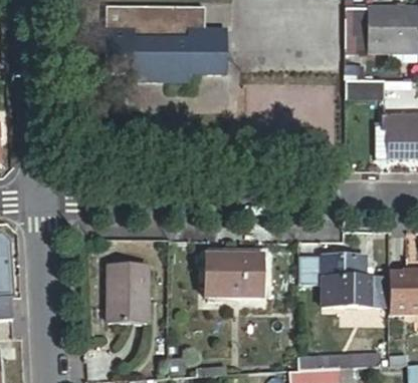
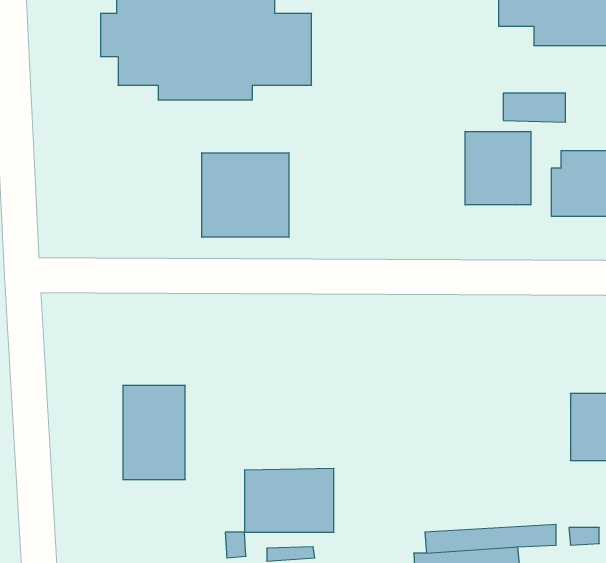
building: none -> [465,131,531,205]
building: none -> [202,153,289,237]
building: [204,254,260,294] -> [244,468,334,532]
building: [298,255,381,306] -> none

